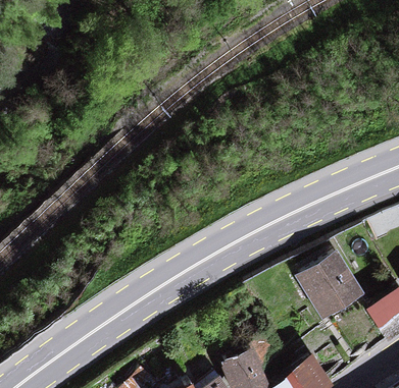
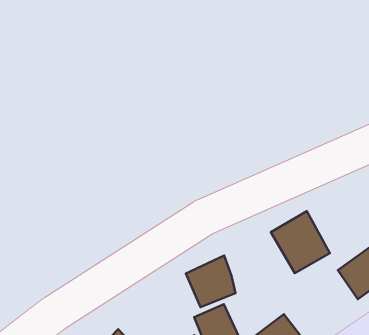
building: none -> [186,256,235,307]

